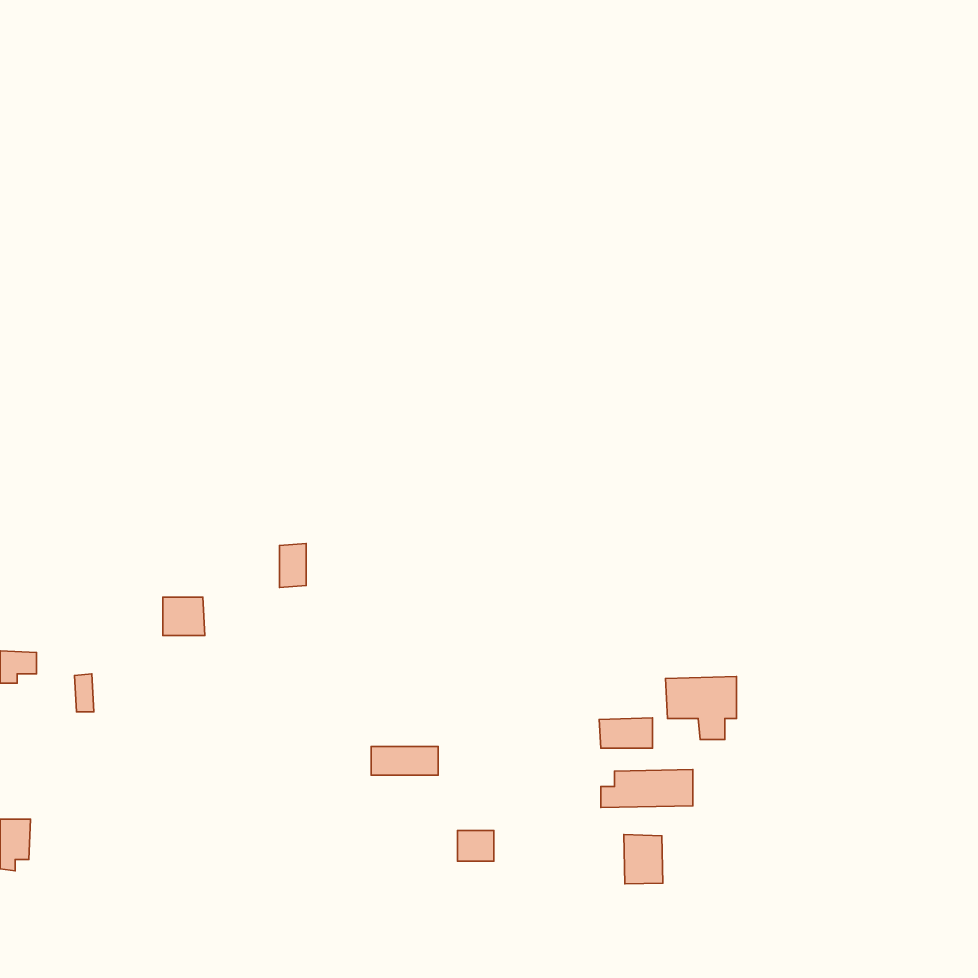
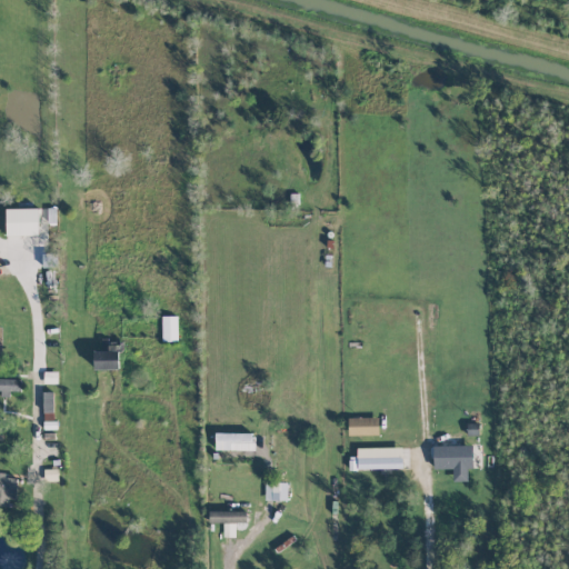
building: none -> [7,208,39,236]
building: [666,676,736,740] -> [433,445,475,481]
building: [624,835,663,884] -> none
building: none -> [210,511,247,537]

